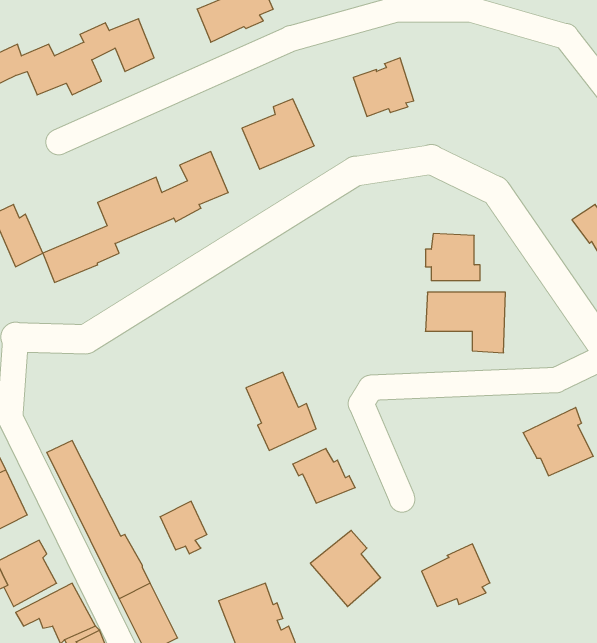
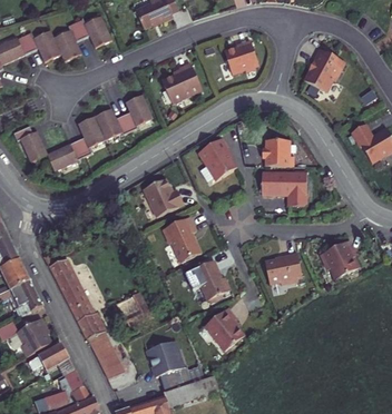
building: none -> [304,53,344,95]
building: none -> [197,138,236,181]
building: none -> [143,179,183,217]
building: [422,544,490,606] -> [265,254,304,289]

